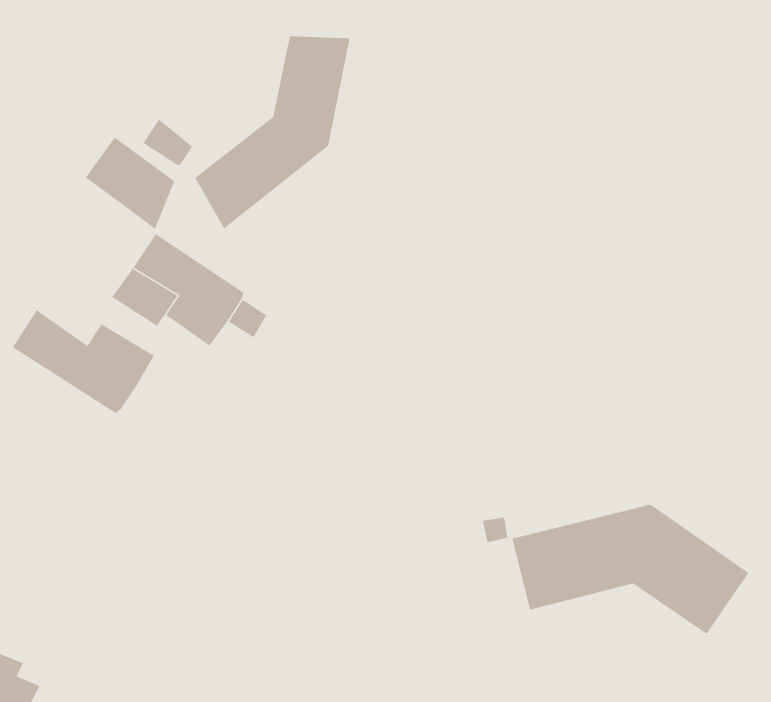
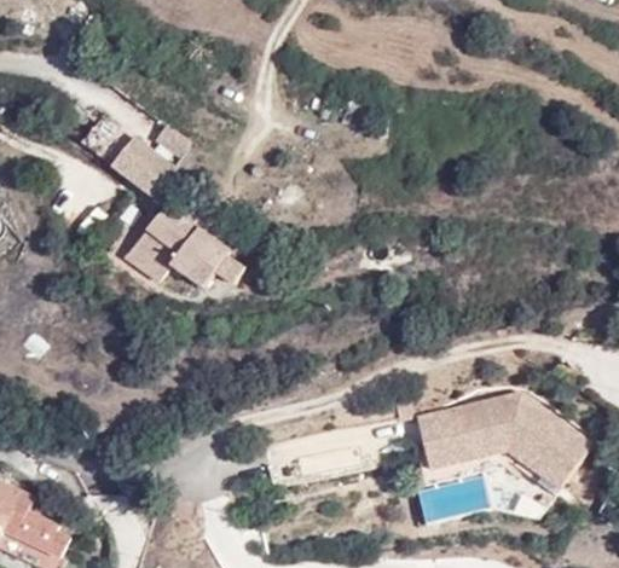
building: [194,36,350,230] -> none
building: [12,309,155,414] -> none

